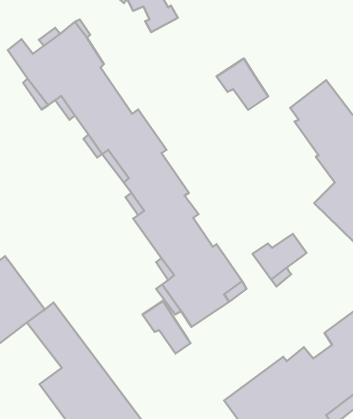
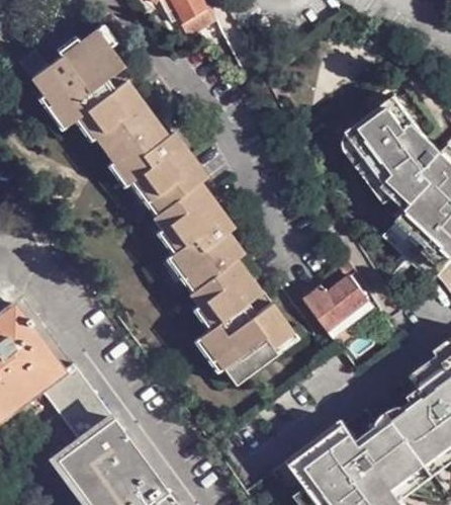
building: [216,58,268,110] -> none
building: [142,301,190,353] -> none

